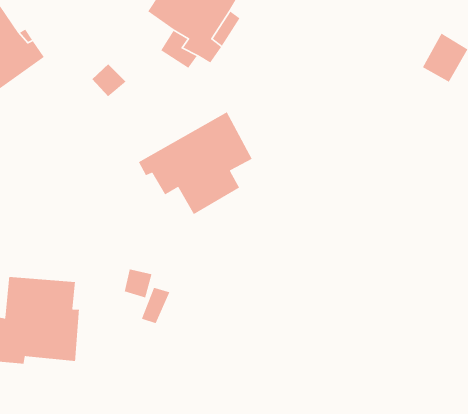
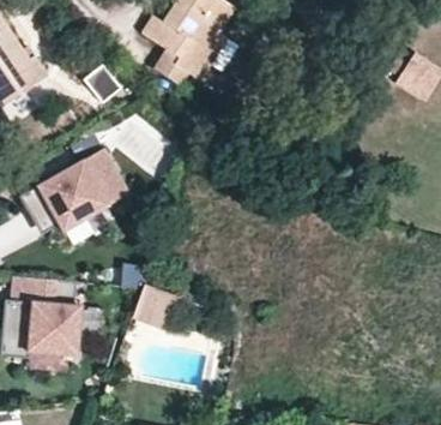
building: [138,111,253,215] -> [22,149,128,245]

